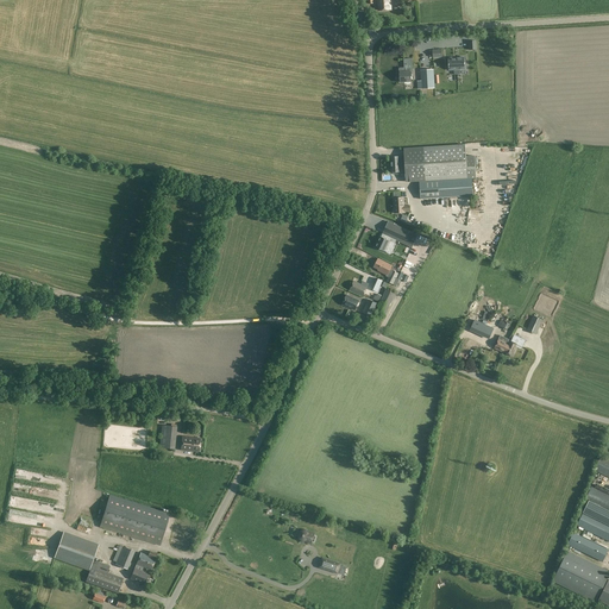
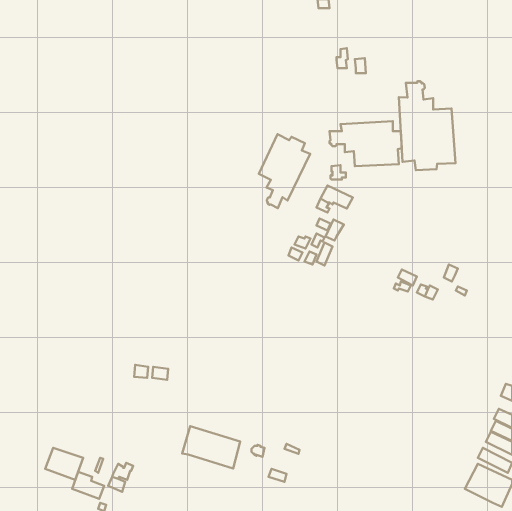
building: none -> [399,81,455,170]
building: none -> [259,134,310,208]
building: [99,495,168,545] -> [182,426,240,468]

